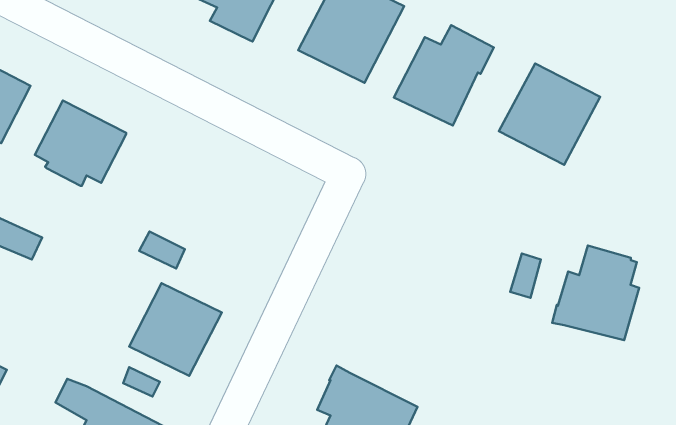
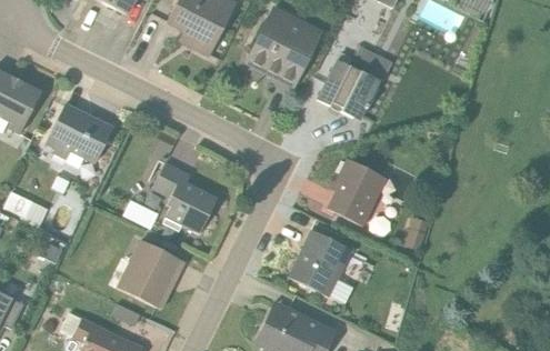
building: [499,64,600,165] -> none
building: none -> [326,158,387,225]
building: none -> [151,161,217,233]
building: [552,245,639,340] -> none
building: none -> [286,228,351,298]

